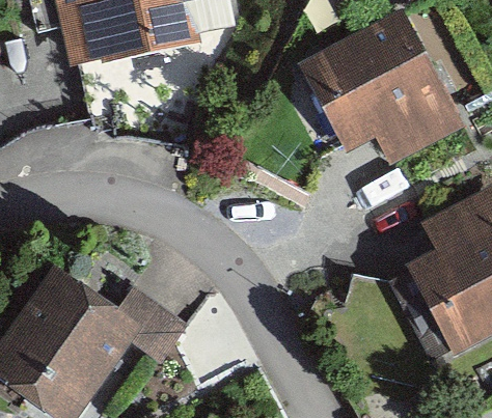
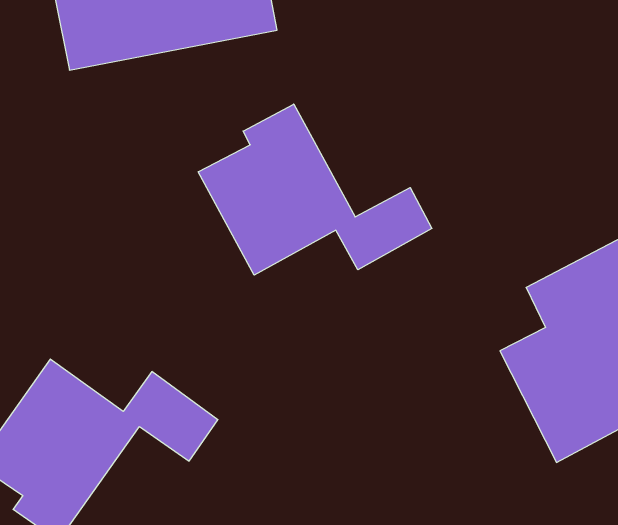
building: [292,15,456,157] -> none
building: none -> [198,104,432,275]

